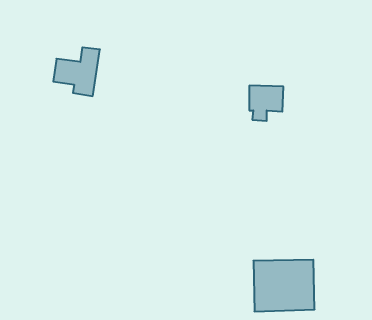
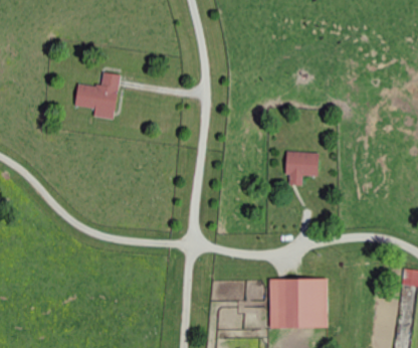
building: [249,86,283,121] -> [285,152,319,186]

